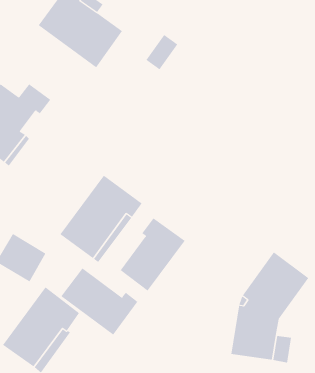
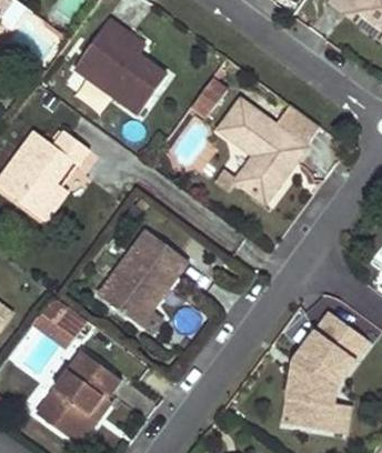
building: none -> [218,99,319,203]
building: [120,218,185,292] -> none
building: [61,267,138,335] -> none

